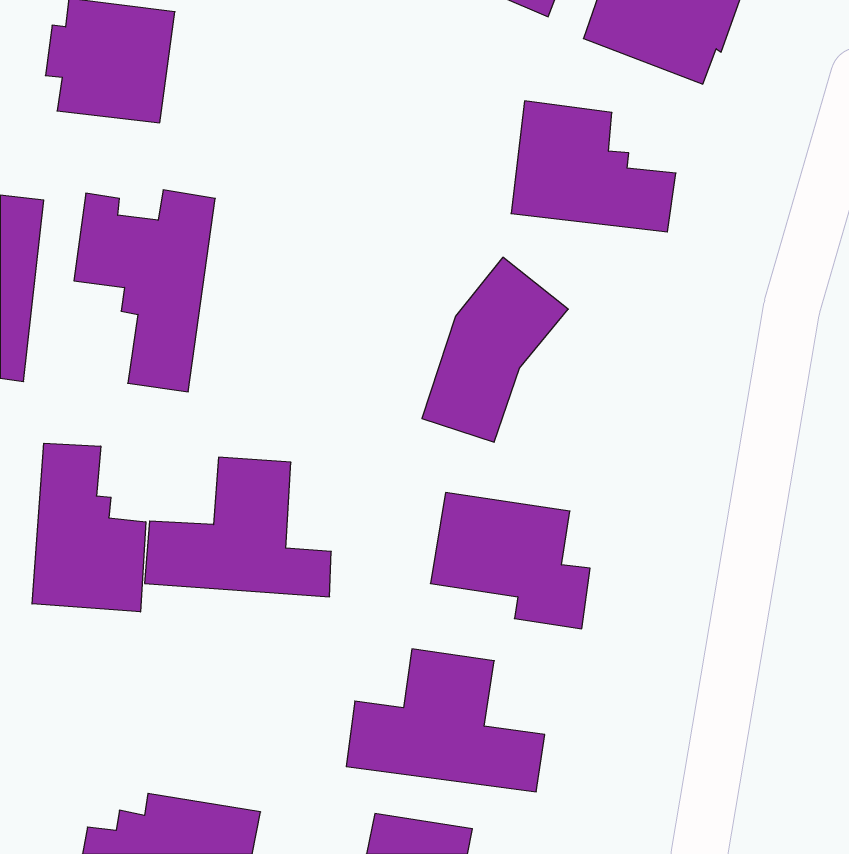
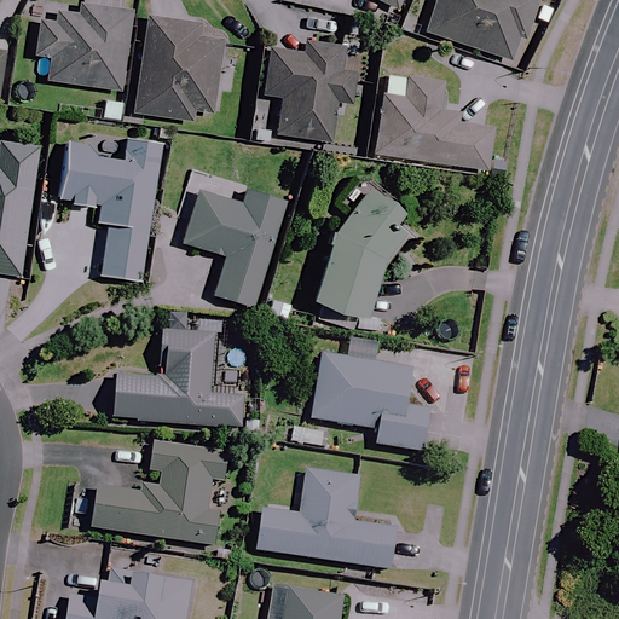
building: none -> [138,16,224,118]
building: none -> [264,39,358,139]
building: none -> [183,187,287,306]
building: [32,443,146,612] -> none
building: none -> [91,441,231,545]

